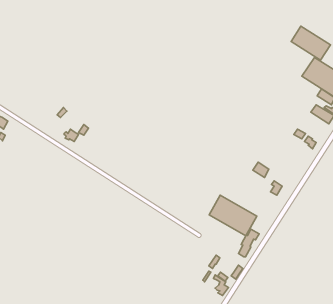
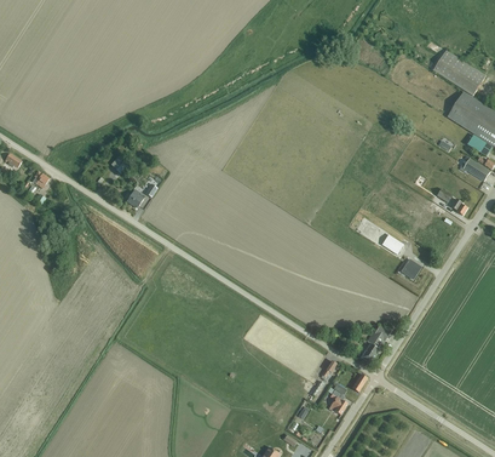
building: [209,195,257,236] -> none

